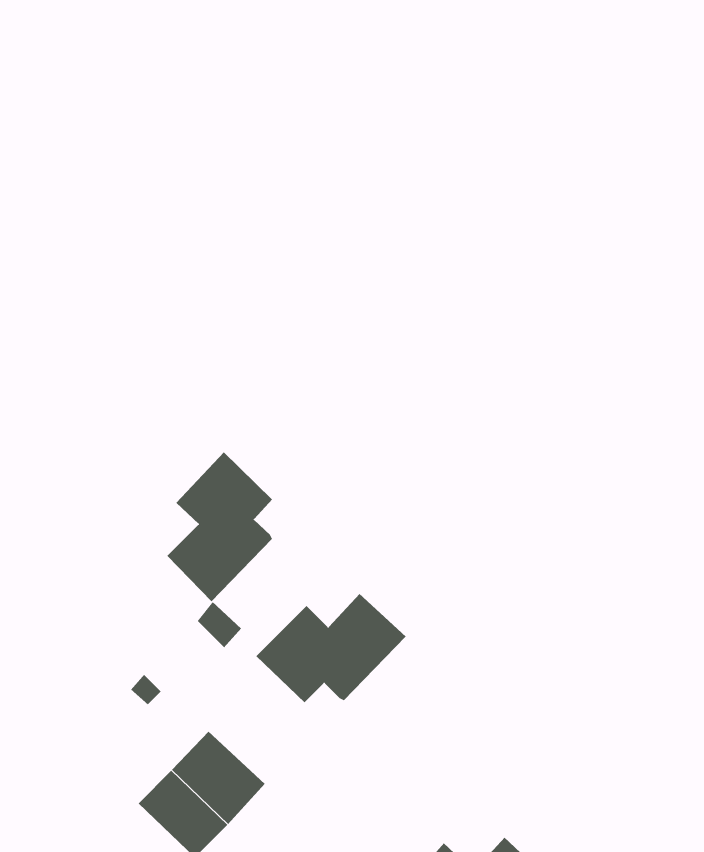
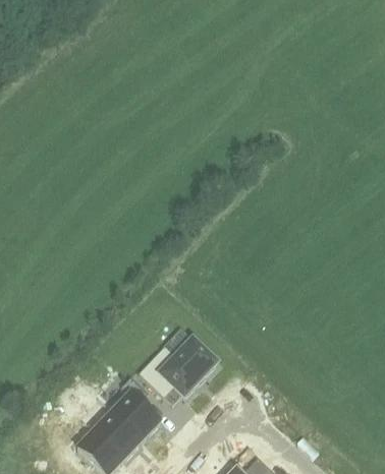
building: [166,451,273,602] -> none
building: none -> [110,374,160,436]

